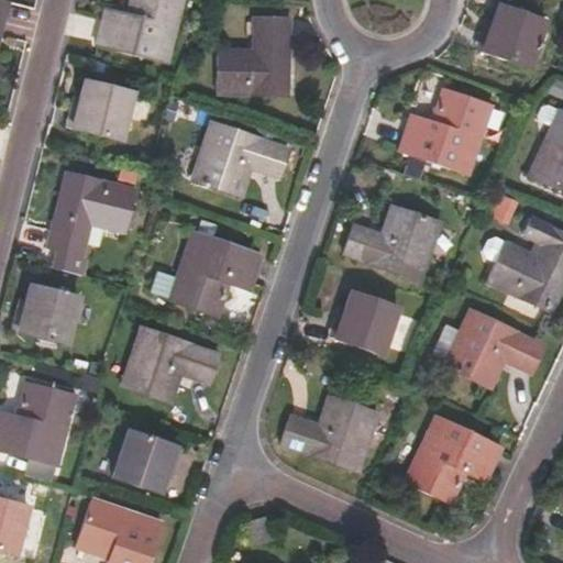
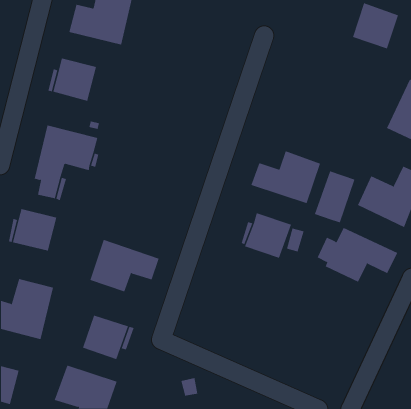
building: [219,16,292,93] -> none
building: [398,87,492,174] -> none
building: [192,120,289,194] -> none
building: [169,229,265,316] -> none
building: none -> [314,170,355,223]
building: [280,397,377,470] -> none
building: [404,413,504,504] -> none

